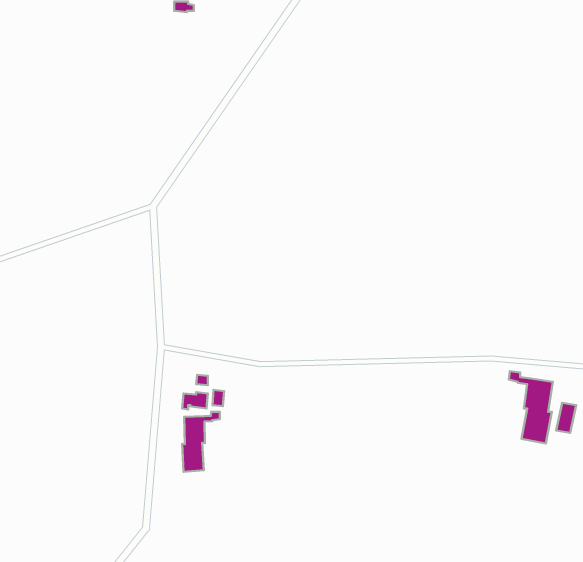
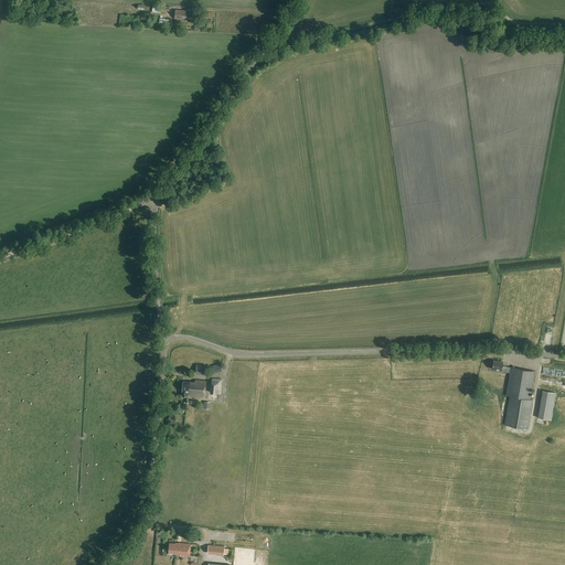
building: [182,412,220,472] -> none

